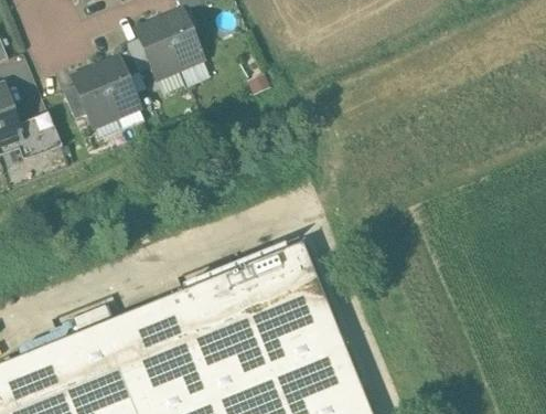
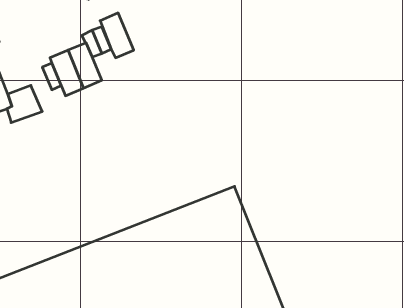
building: [156,12,199,70] -> none

